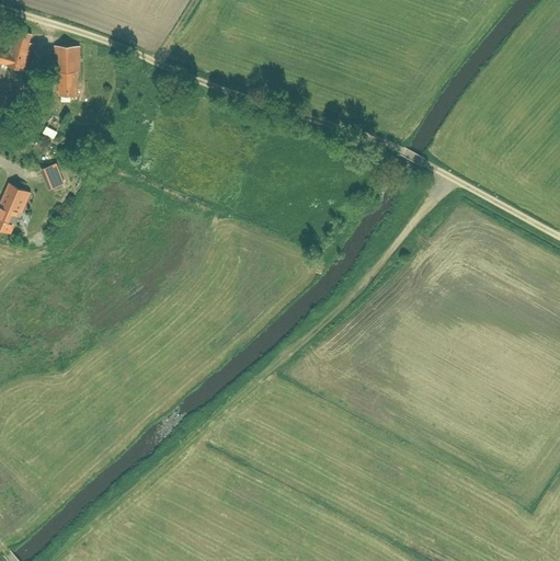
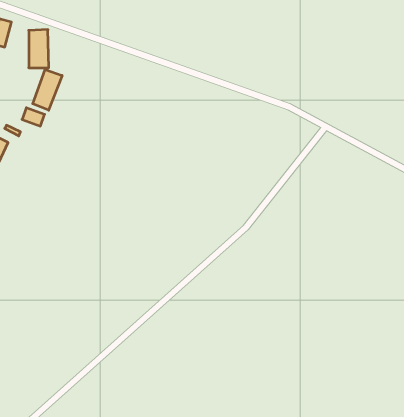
building: none -> [33,69,62,110]

